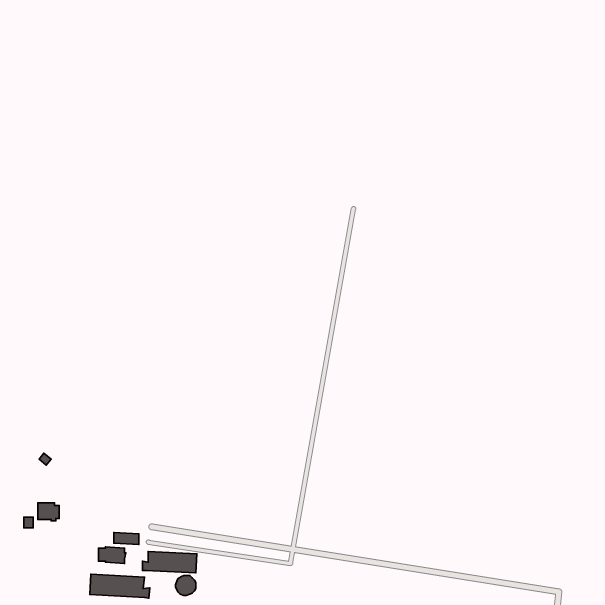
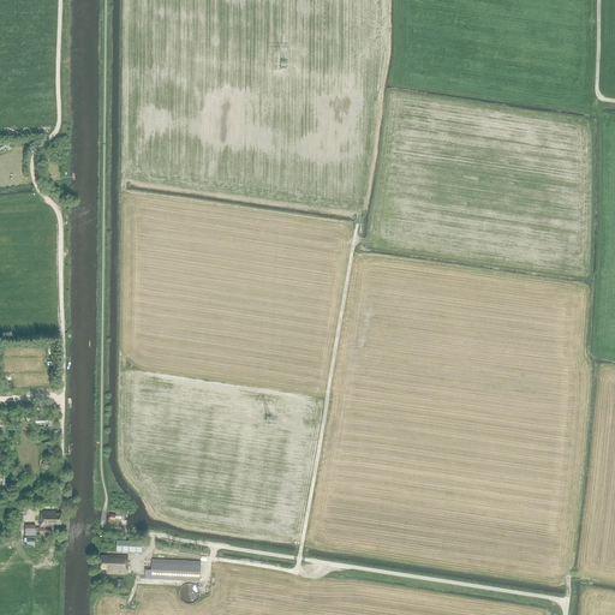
building: [90,574,150,598] -> none

